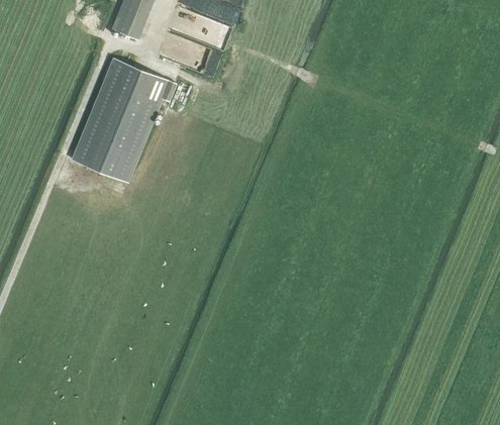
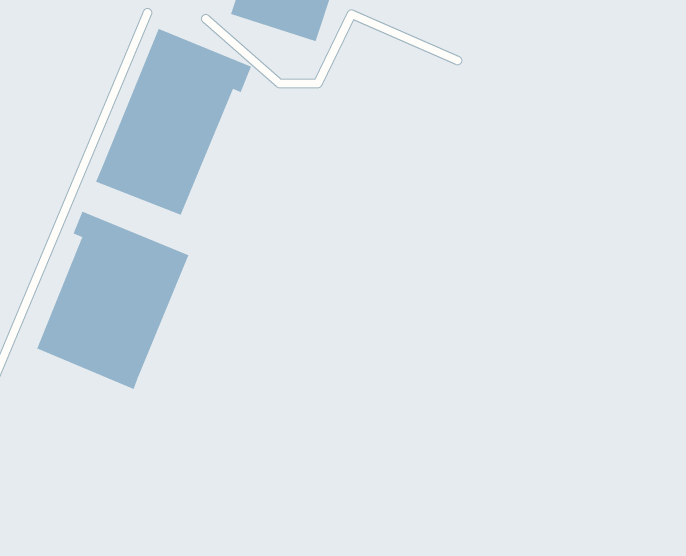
building: none -> [37,211,189,390]

